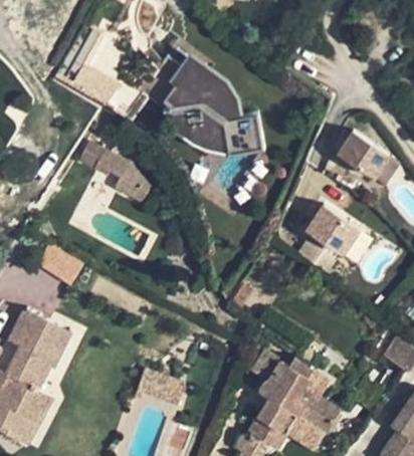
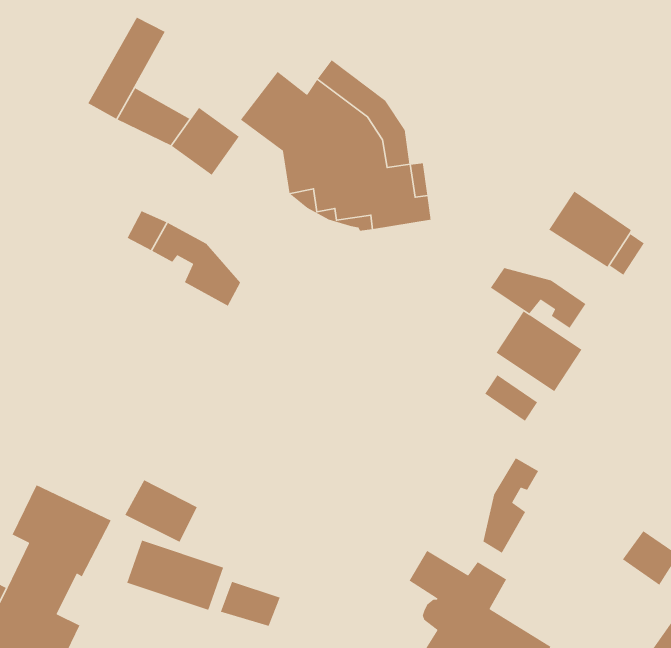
building: none -> [490,267,587,329]
building: [37,246,82,285] -> [124,479,198,543]
building: none -> [483,457,539,554]
building: none -> [126,540,224,611]

